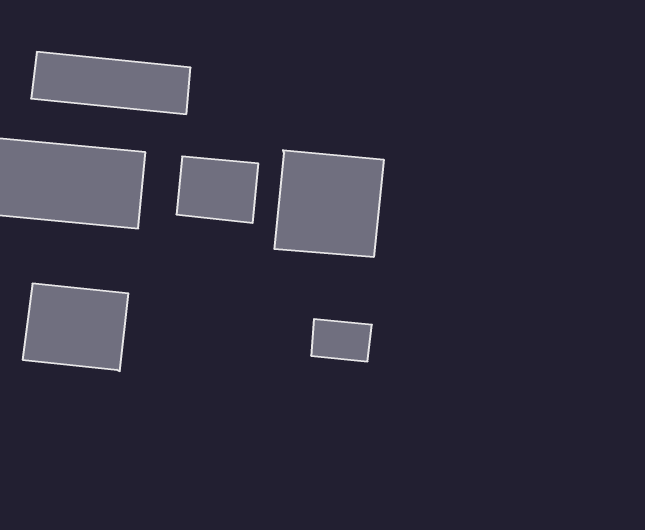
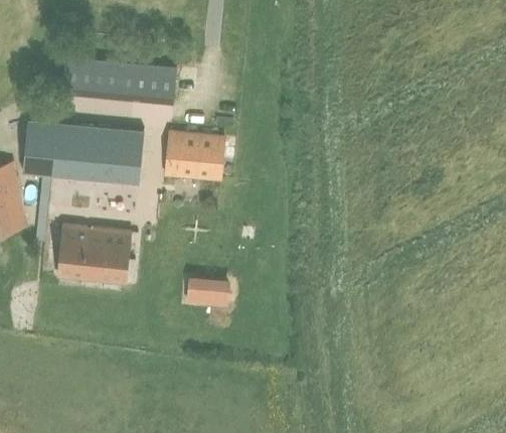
building: [274,150,384,257] -> none
building: [311,319,372,361] -> [187,277,230,307]

